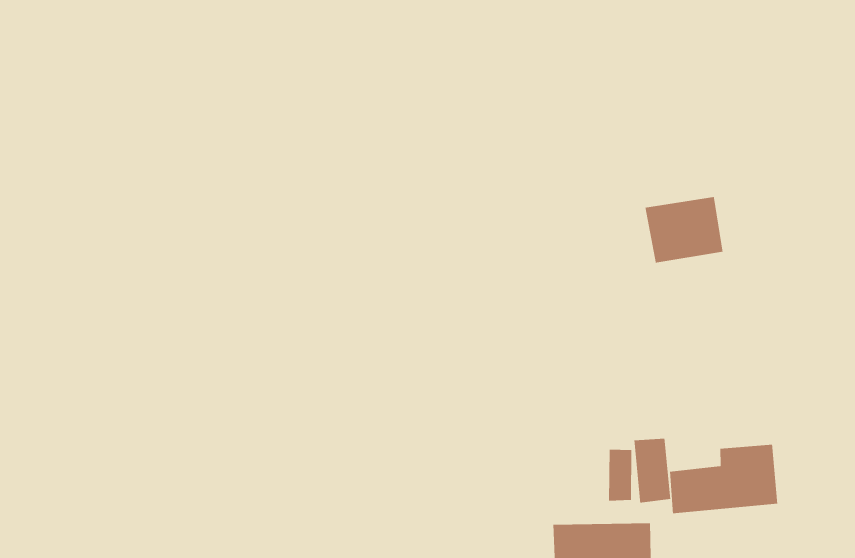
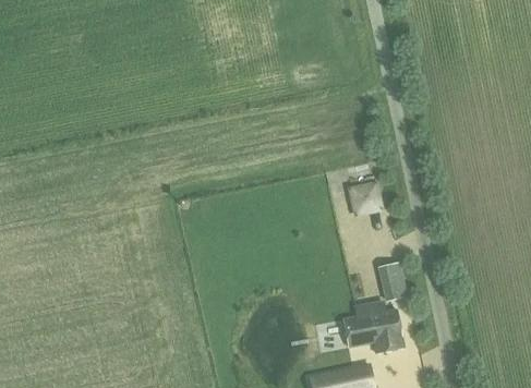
building: [644,196,723,264] -> [345,177,391,218]
building: [669,444,778,514] -> none

